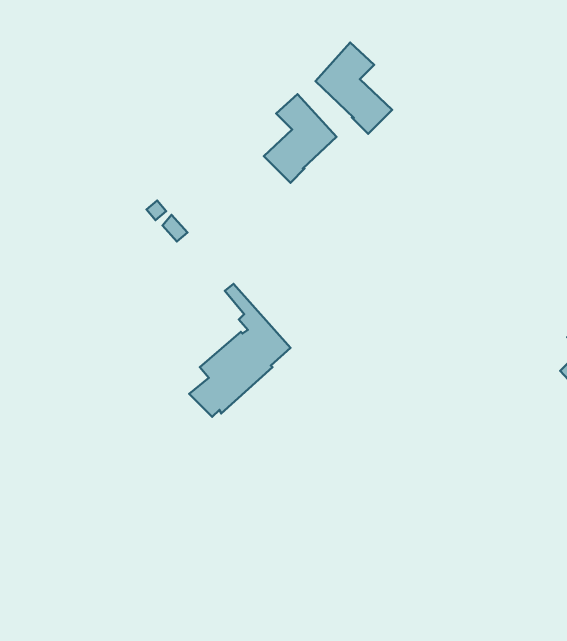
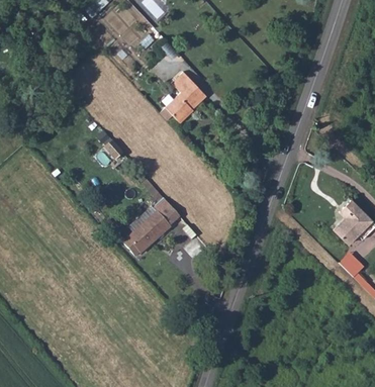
building: [315,42,392,134] -> none

